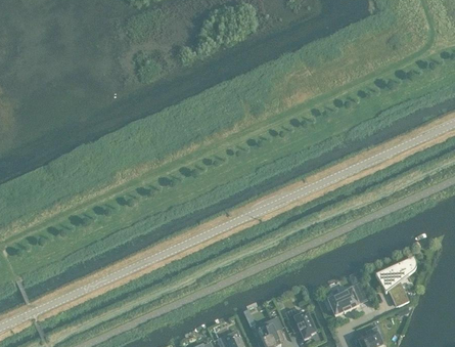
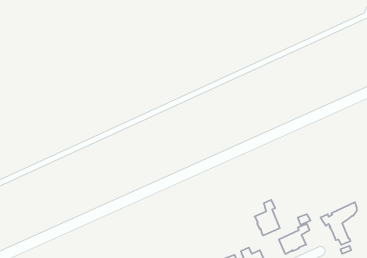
building: none -> [255,200,280,235]

